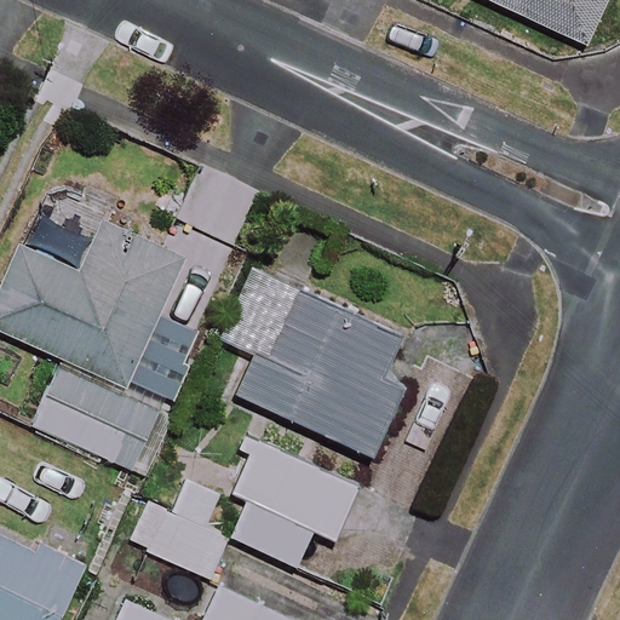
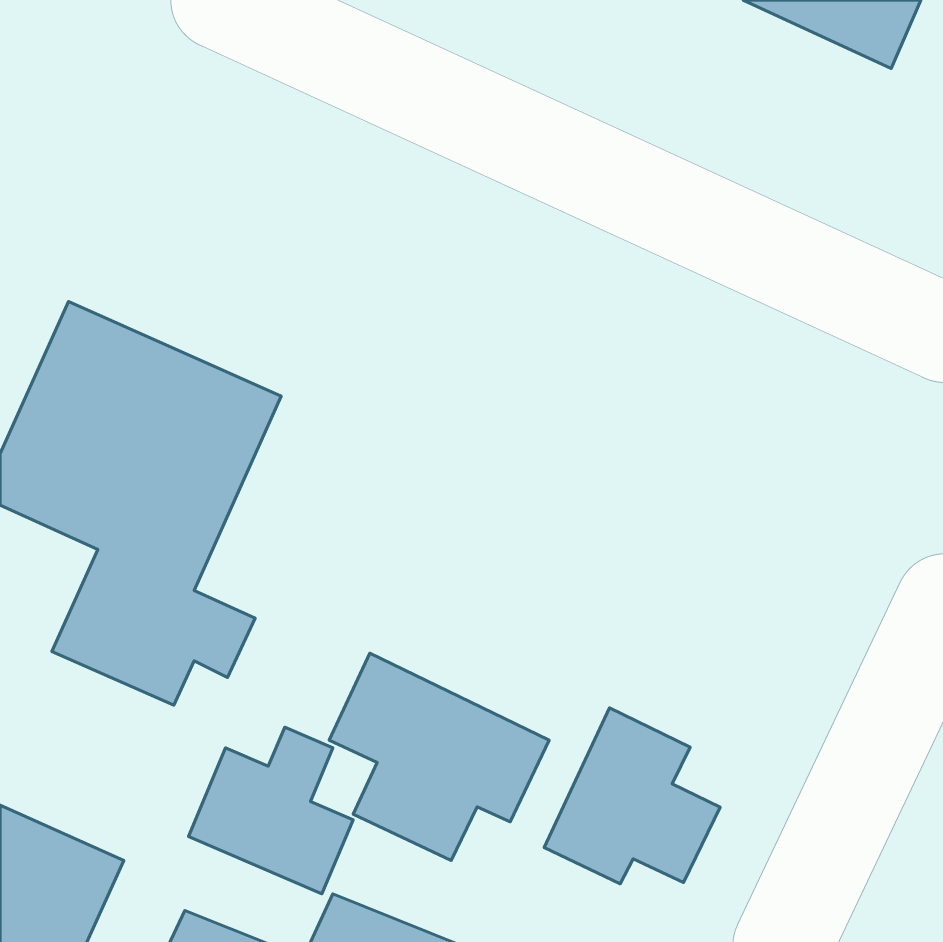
building: [232,274,408,455] -> none
building: none -> [544,708,720,884]

